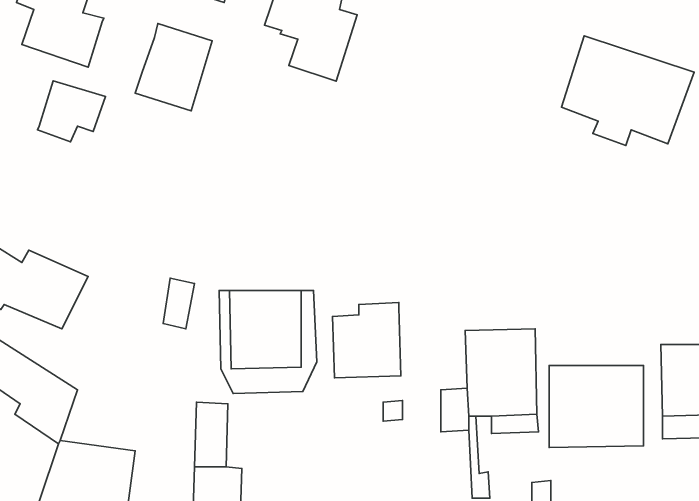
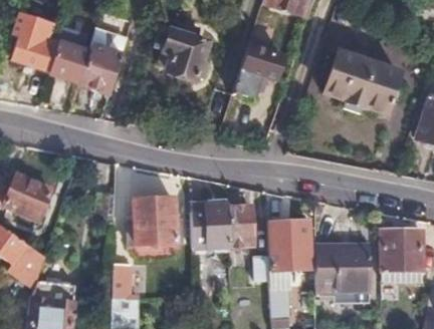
building: none -> [235,44,285,97]
building: [37,81,106,142] -> [51,43,90,78]
building: none -> [231,208,252,247]

